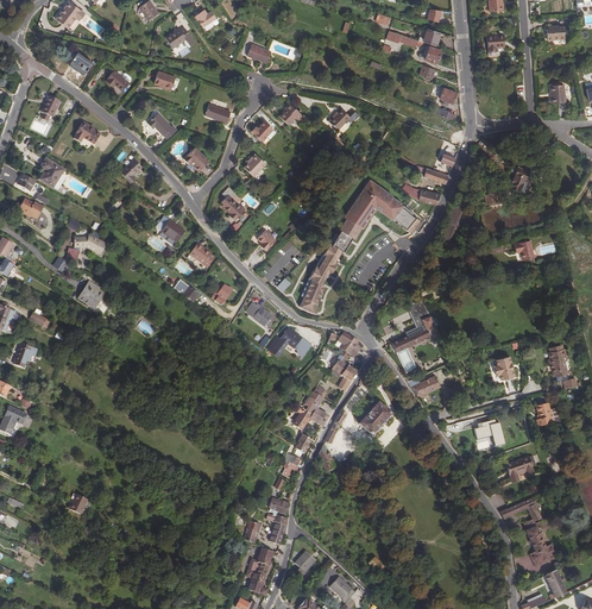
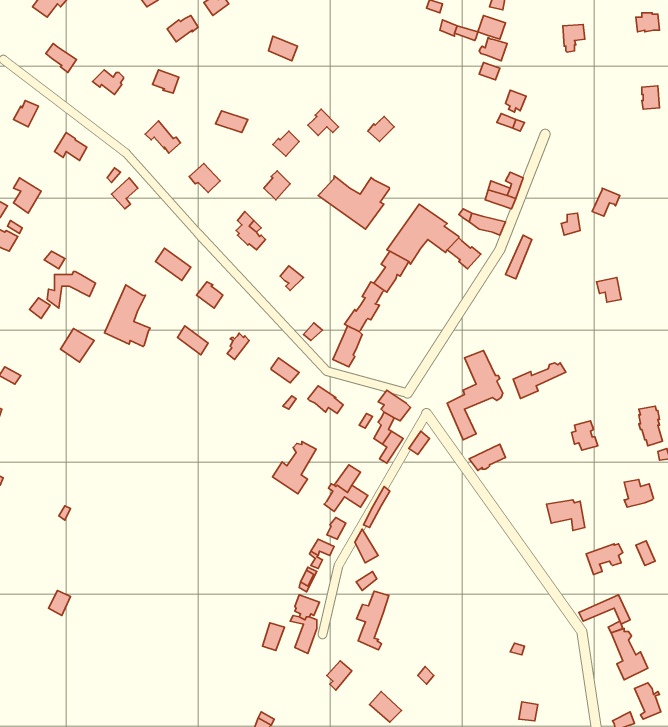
building: none -> [318,176,390,229]
building: none -> [104,285,150,346]
building: none -> [513,363,566,398]
building: none -> [273,442,316,494]
building: [359,401,391,435] -> none
building: [247,547,273,595] -> [357,591,389,650]

